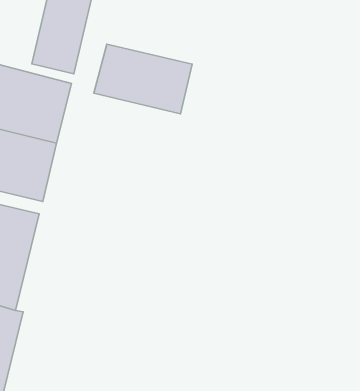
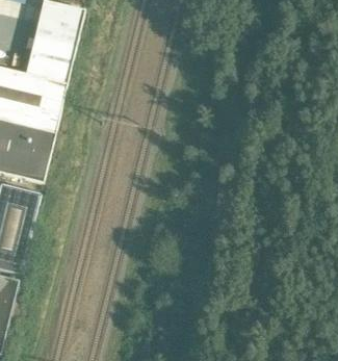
building: [94,44,192,114] -> none

